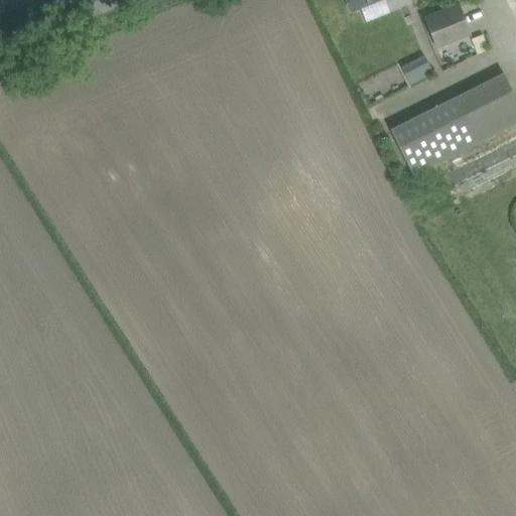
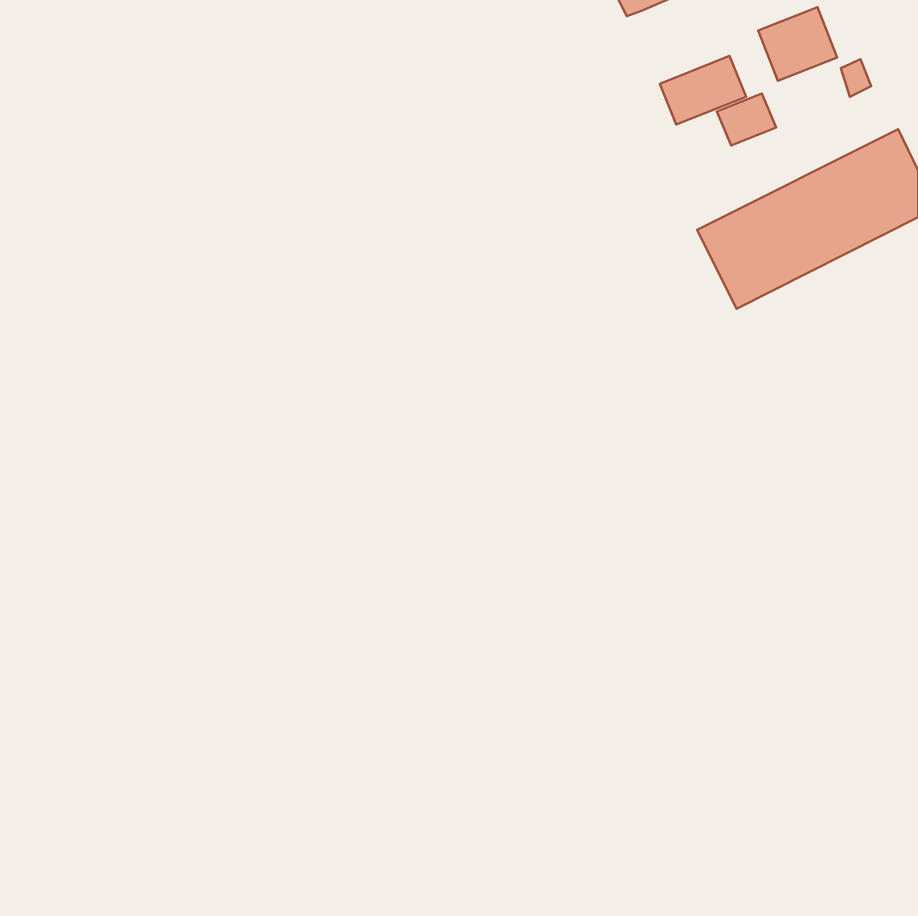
building: none -> [660,56,746,125]

